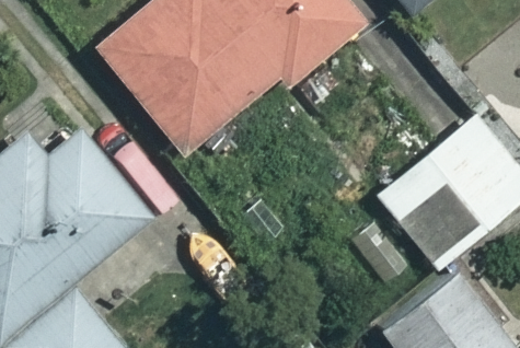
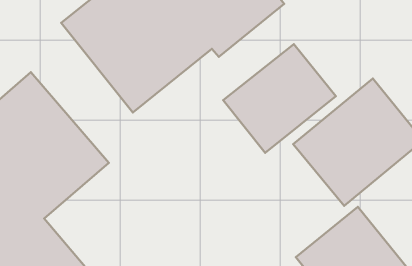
building: none -> [223,44,336,153]

